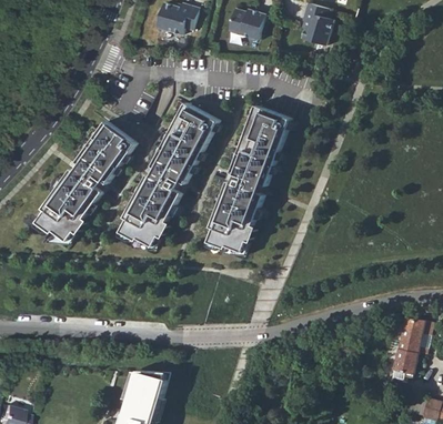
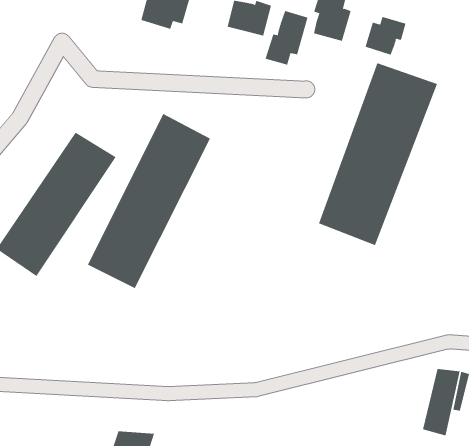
building: none -> [265,10,308,65]
building: none -> [365,16,406,56]
building: [198,105,298,259] -> [318,63,438,246]

